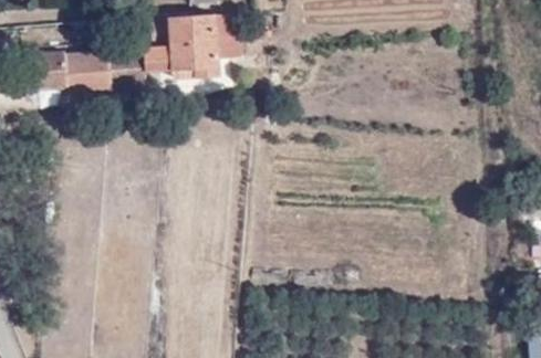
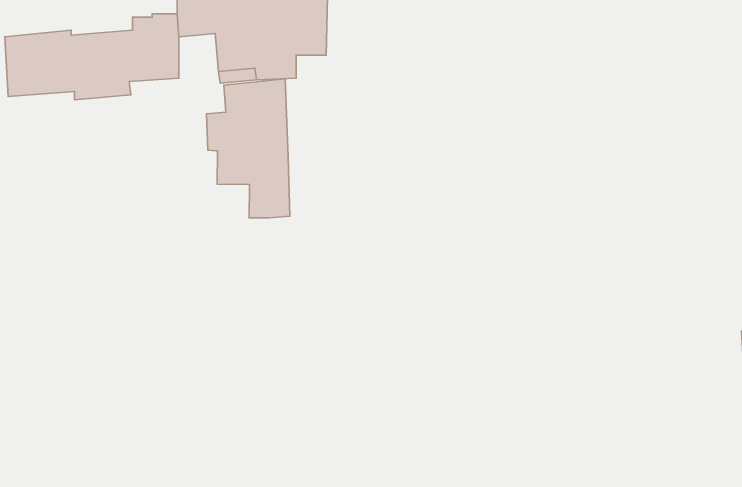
building: none -> [206,79,290,218]

